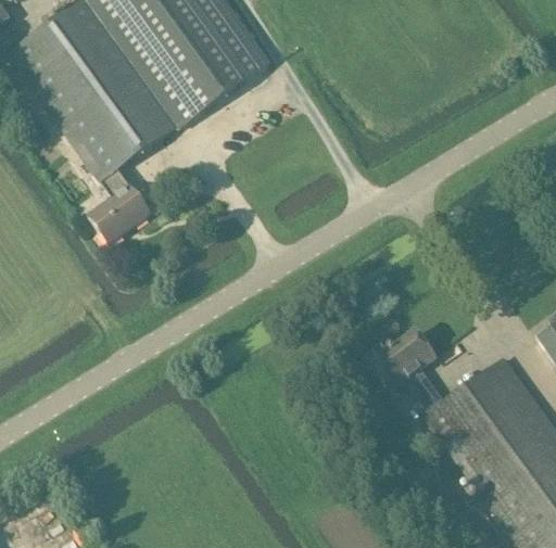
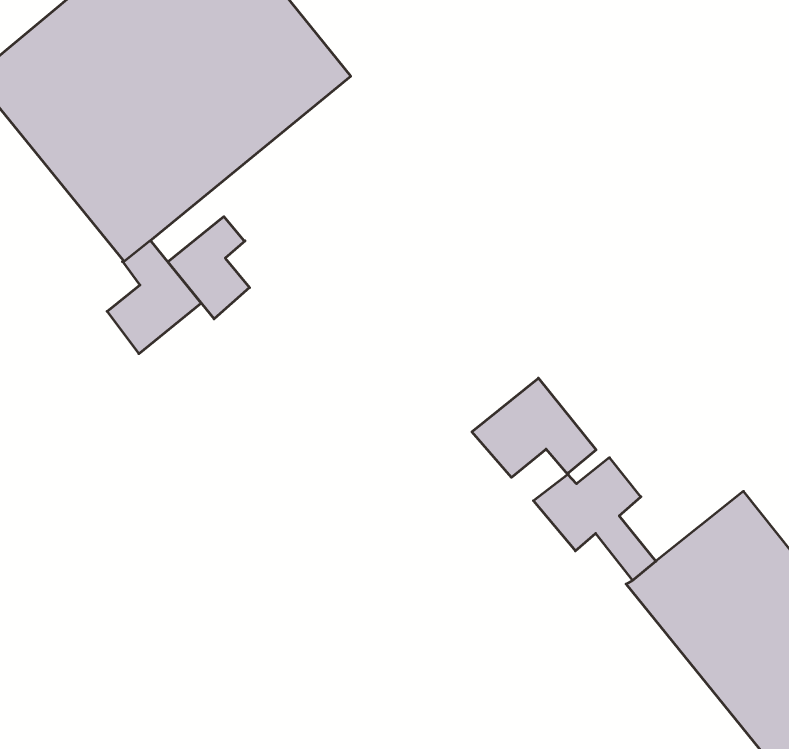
building: none -> [168,217,250,319]
building: none -> [472,378,596,477]

